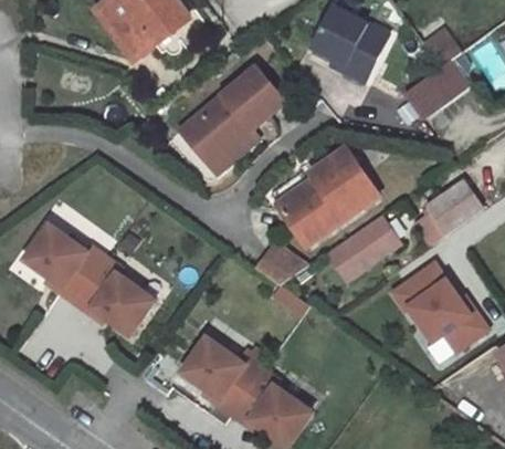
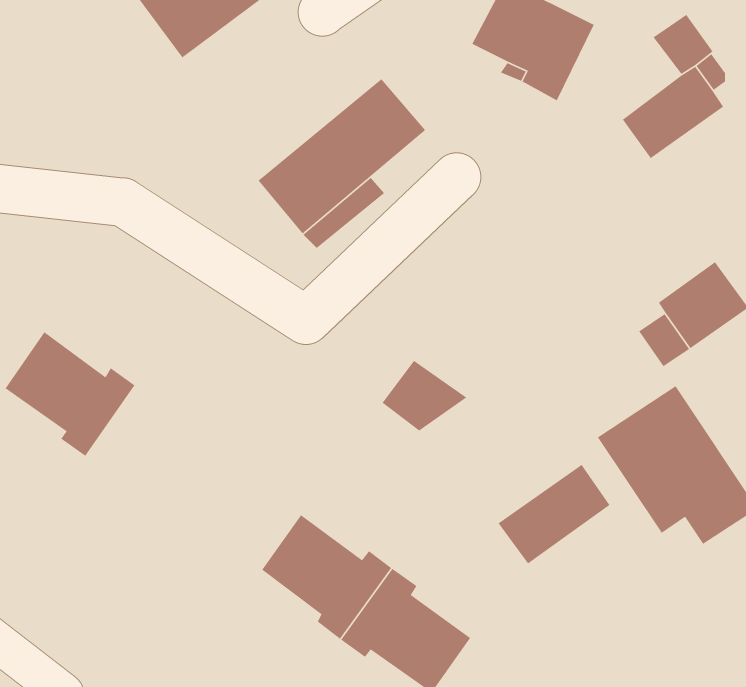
building: [271,148,378,244] -> none
building: [327,216,397,278] -> [497,464,610,564]
building: [74,257,154,334] -> none

